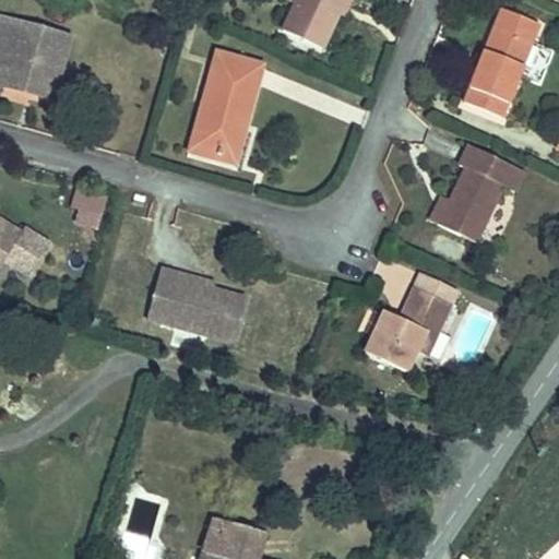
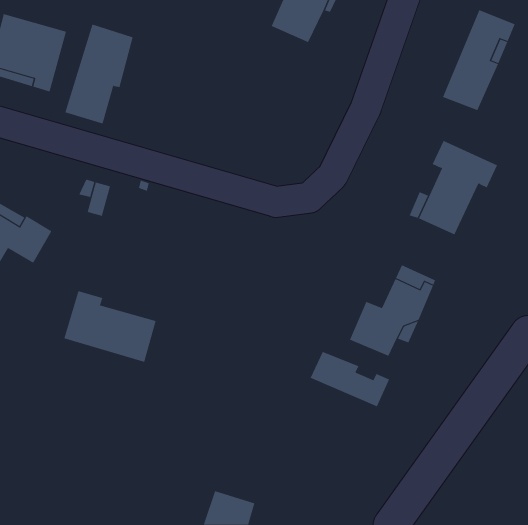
building: [192,48,264,153] -> [65,24,134,124]
building: [147,265,245,341] -> [63,290,156,363]
building: none -> [310,351,390,407]

